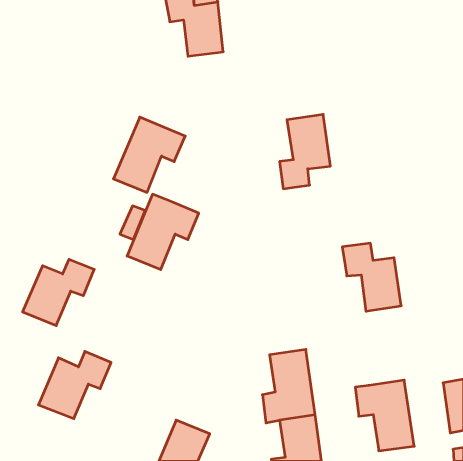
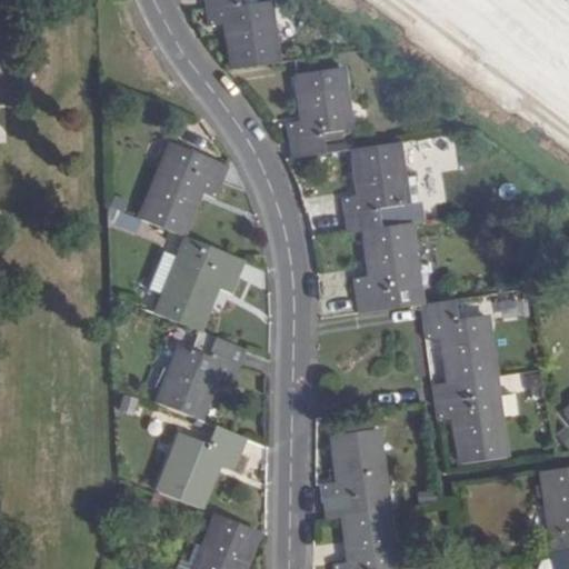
building: none -> [286,68,350,156]
building: none -> [355,222,420,311]
building: [23,259,94,326] -> [158,338,246,419]
building: [38,351,111,419] -> [158,426,247,508]
building: [355,380,414,451] -> [432,375,505,461]

